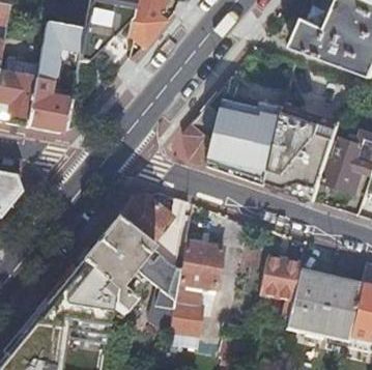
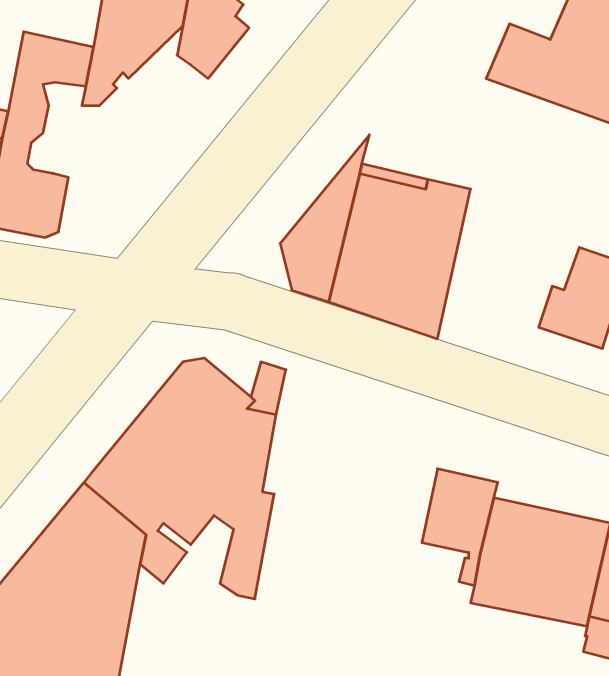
building: [267,103,341,201] -> none
building: [169,241,222,335] -> none

